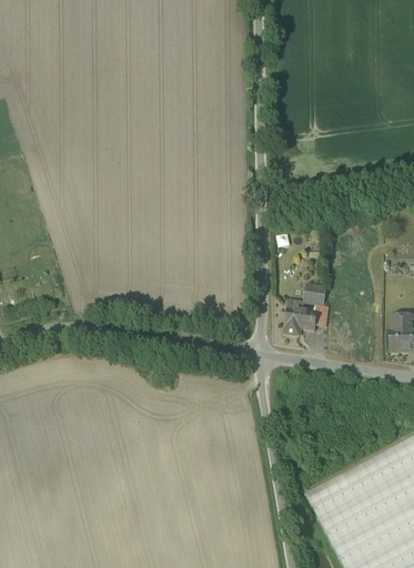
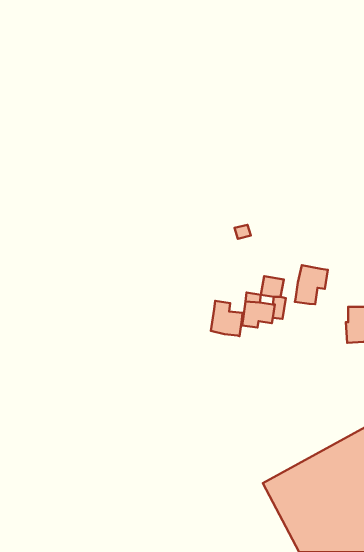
building: none -> [295,265,328,304]
building: none -> [211,301,242,336]

